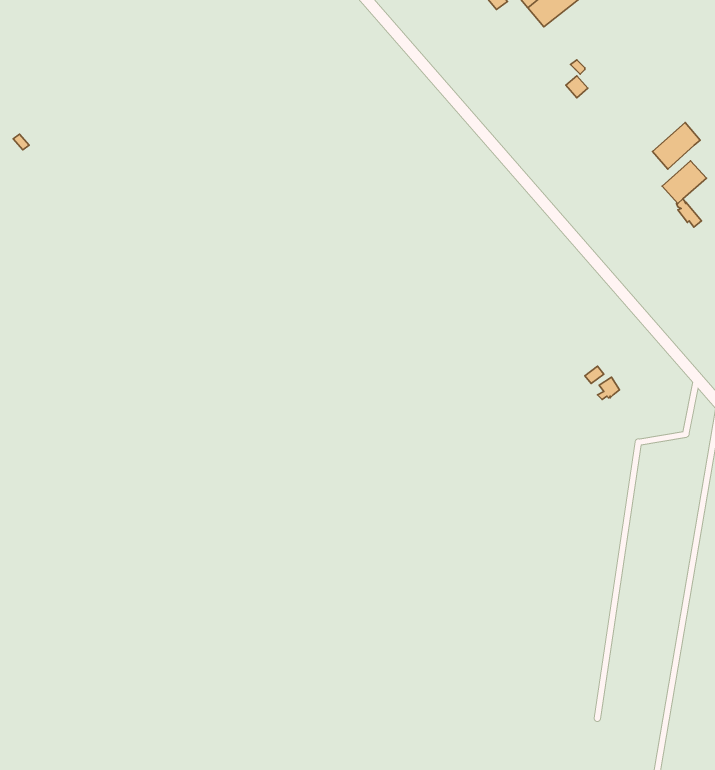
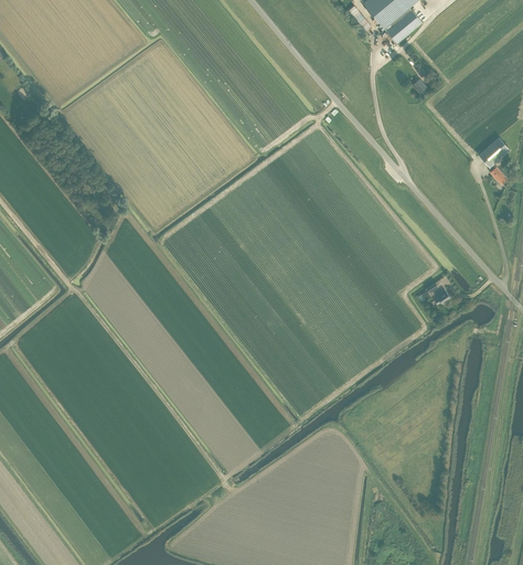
building: [653,123,700,169] -> none

